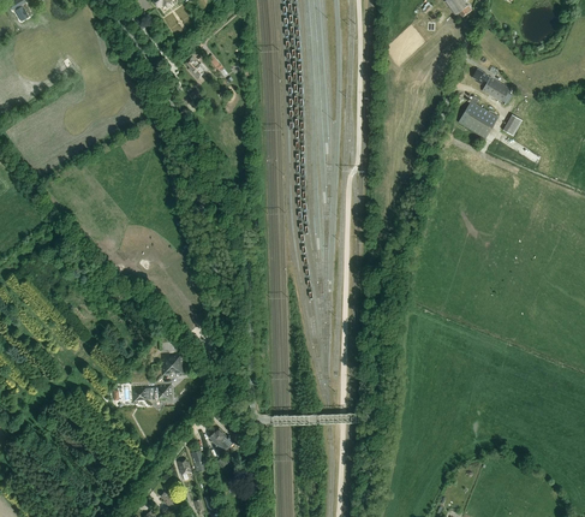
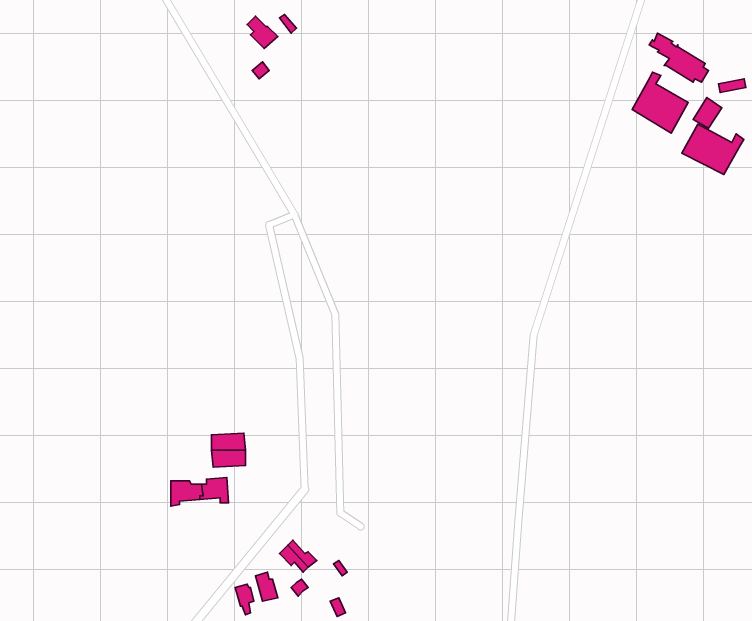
building: none -> [682,124,744,175]

